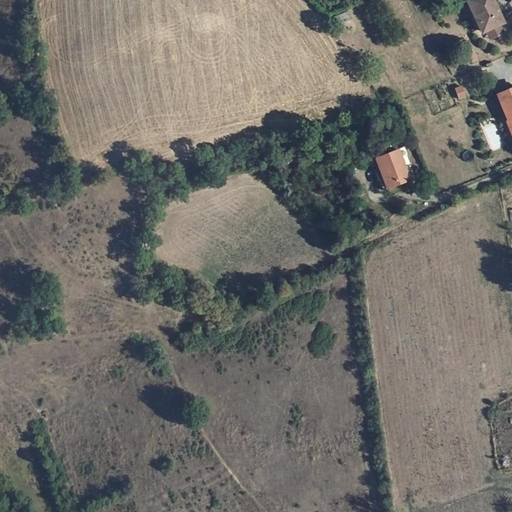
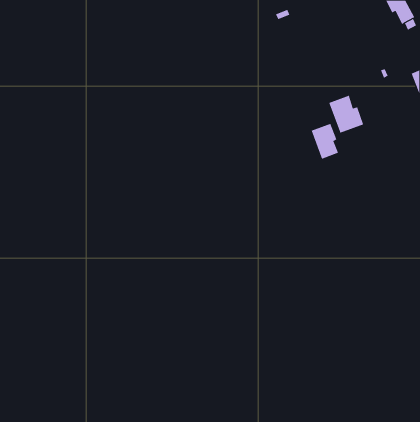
building: none -> [328,95,364,134]

